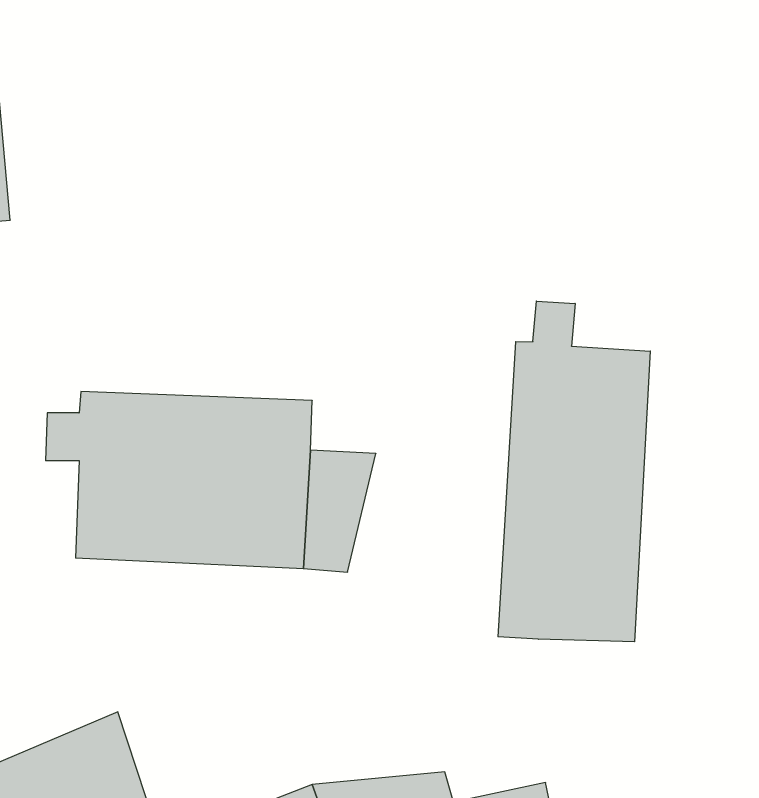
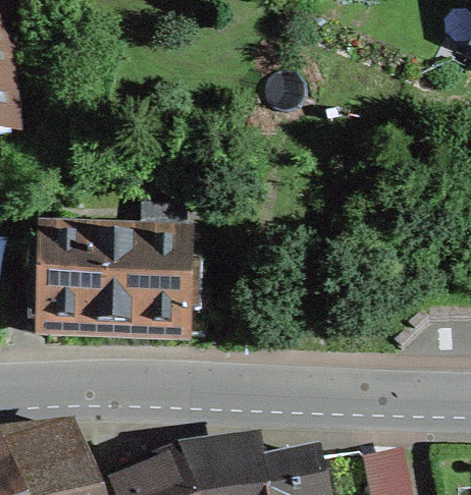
building: [498,301,650,642] -> none

